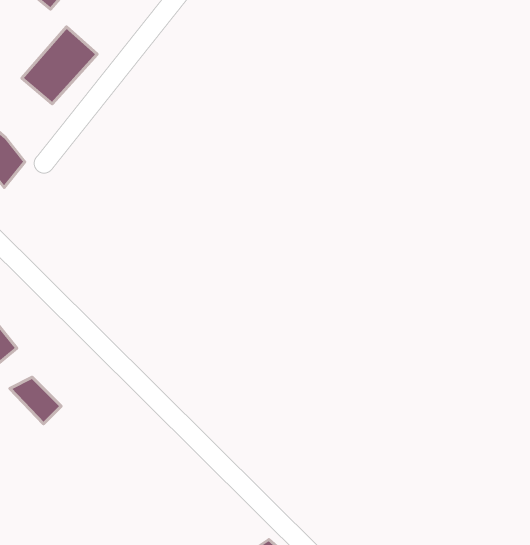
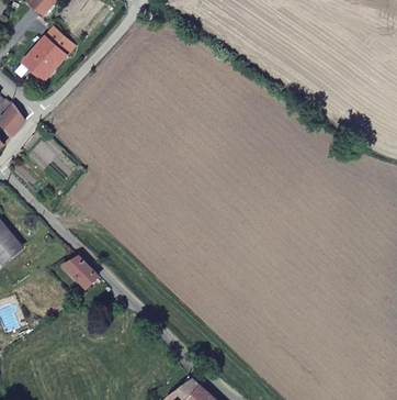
building: [10,377,61,424] -> [61,255,97,287]

